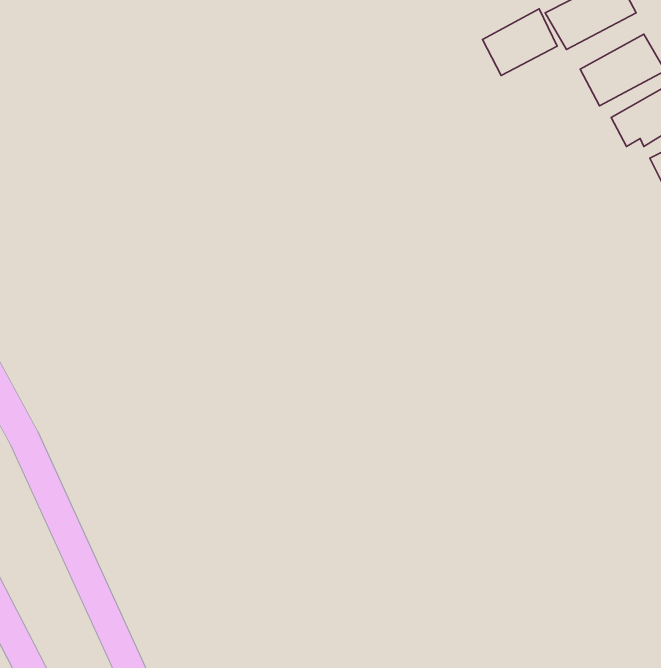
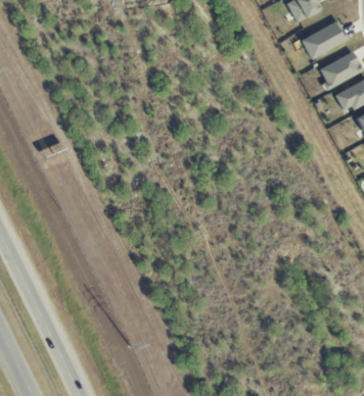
building: [482,9,557,75] -> none

